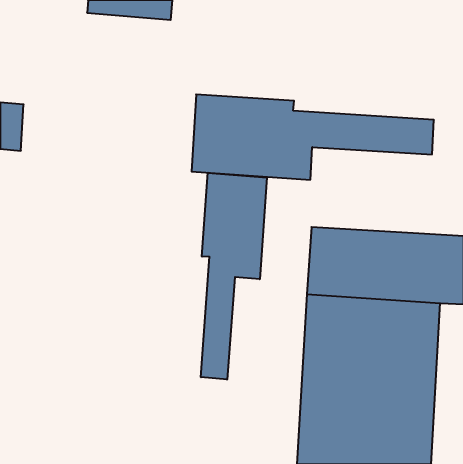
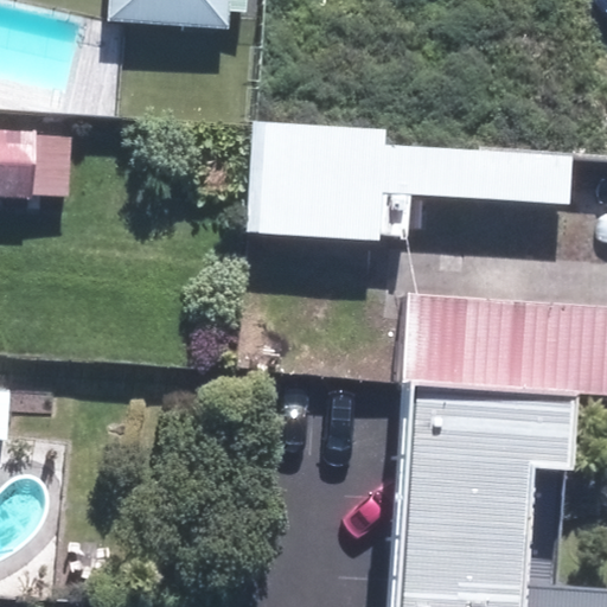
building: [201,173,267,380] -> none

